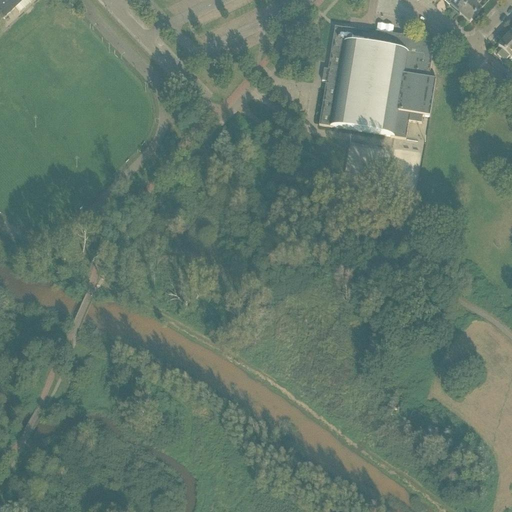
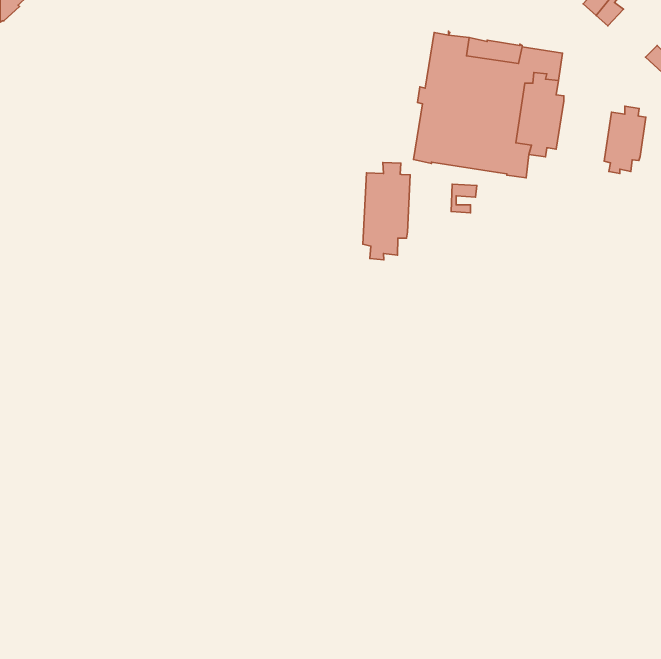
building: none -> [604,106,646,174]
building: none -> [363,162,410,260]

